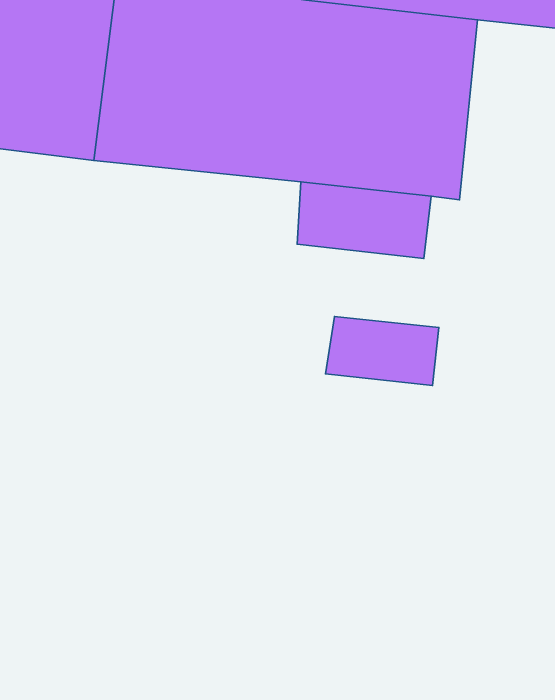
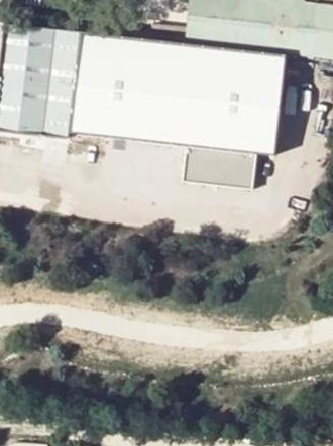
building: [326,317,439,386] -> none

